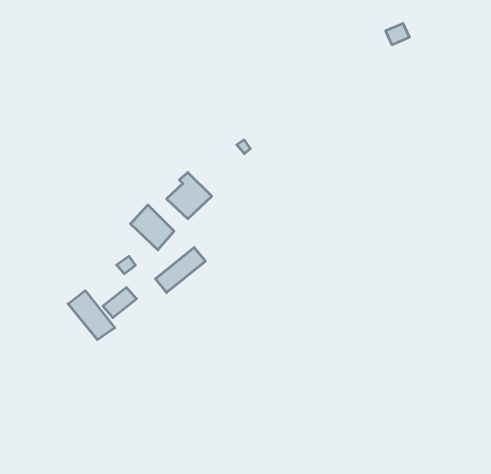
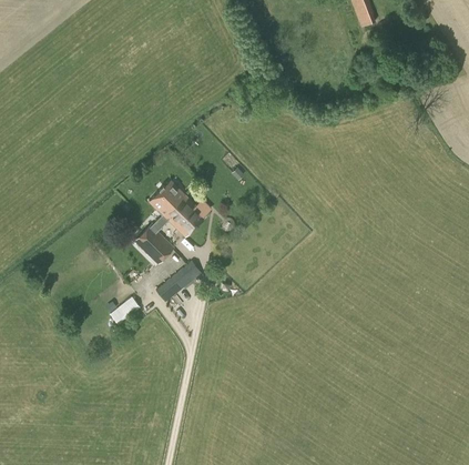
building: none -> [147,180,185,219]
building: [68,291,115,340] -> none

